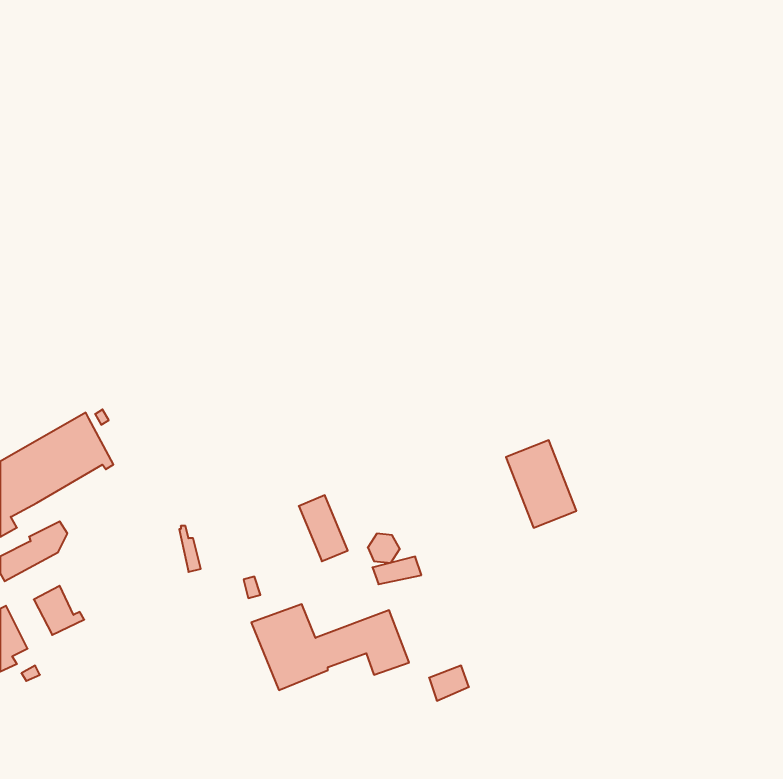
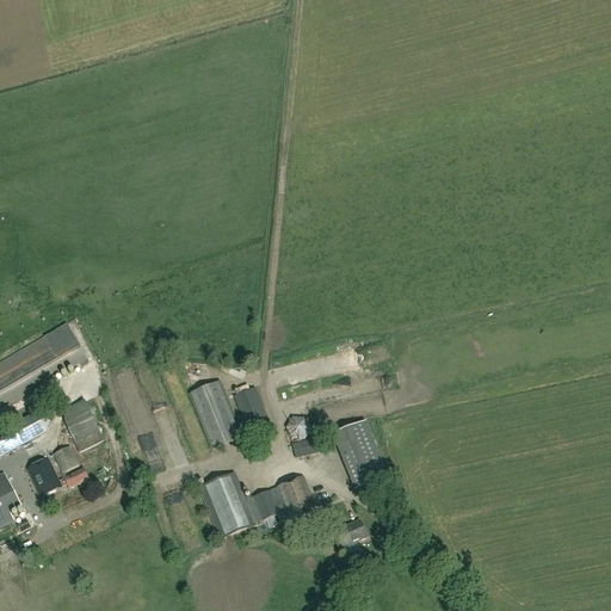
building: [506,440,576,528] -> [333,420,388,488]
building: none -> [190,381,240,448]
building: none -> [61,403,99,442]
building: none -> [53,444,88,486]

